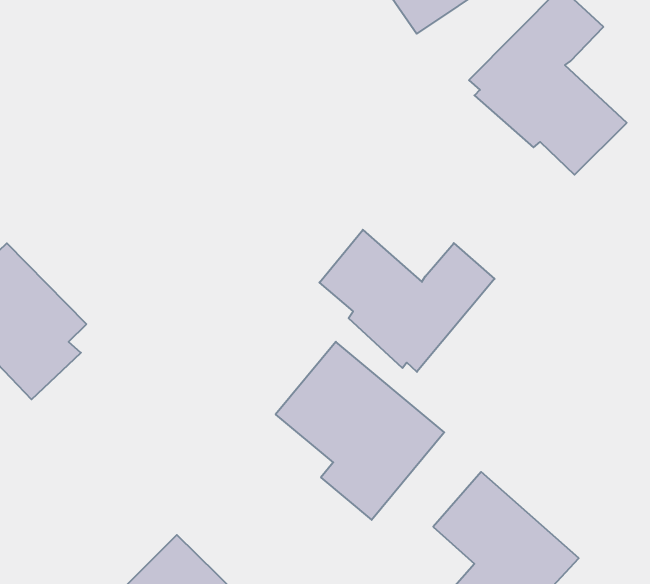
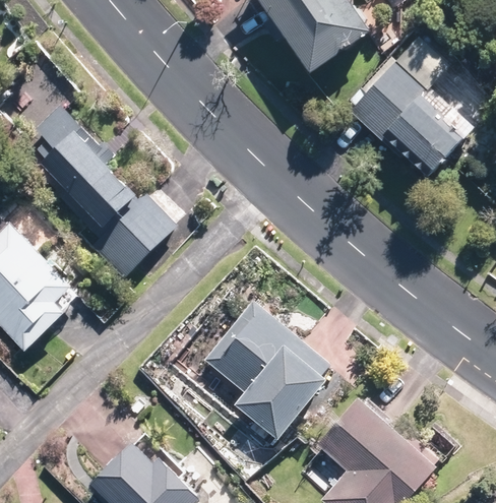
building: none -> [12,115,170,270]
building: [319,230,495,372] -> none

